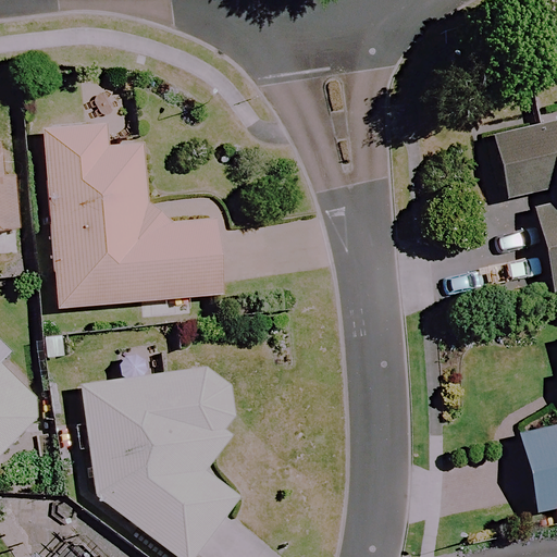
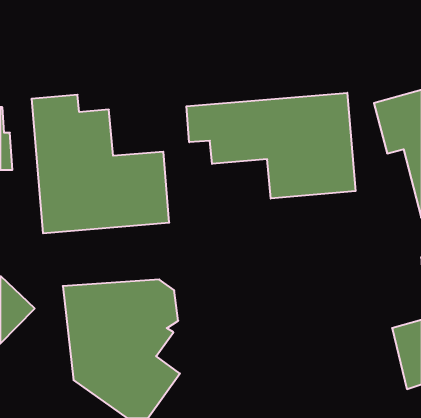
building: none -> [186,93,356,199]

